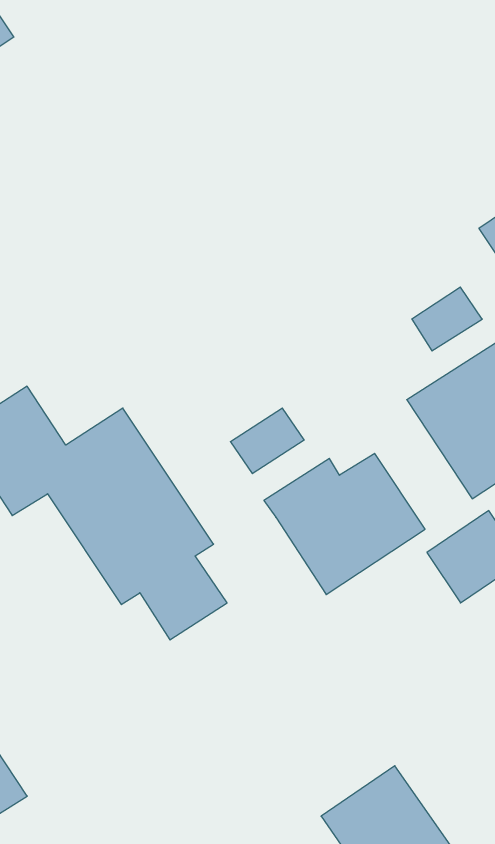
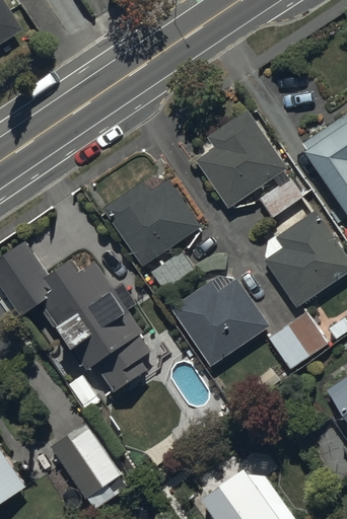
building: none -> [197,112,286,207]
building: none -> [103,179,201,266]
building: none -> [51,423,123,501]

